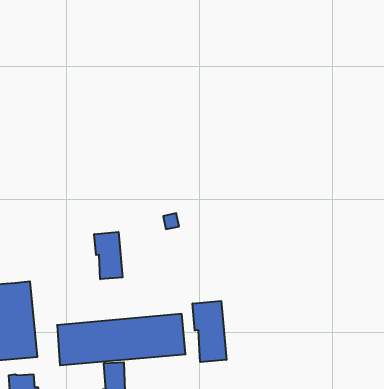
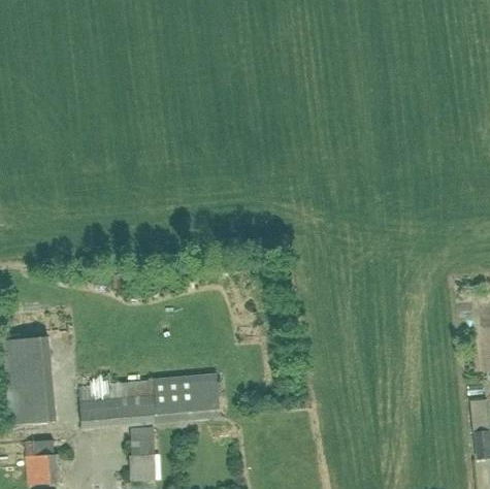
building: [94,232,122,279] -> none
building: [193,301,226,362] -> none

